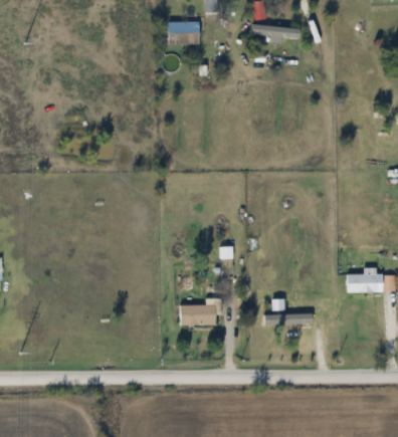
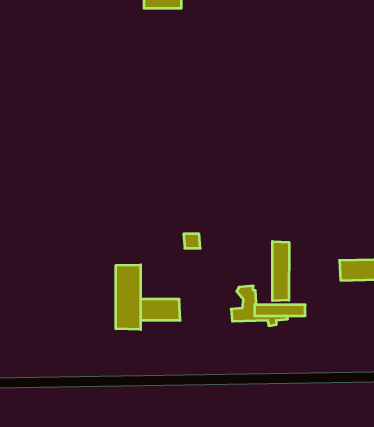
building: none -> [272,241,289,301]
building: none -> [116,265,141,330]

